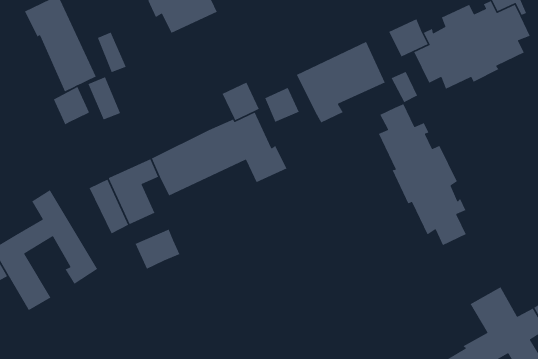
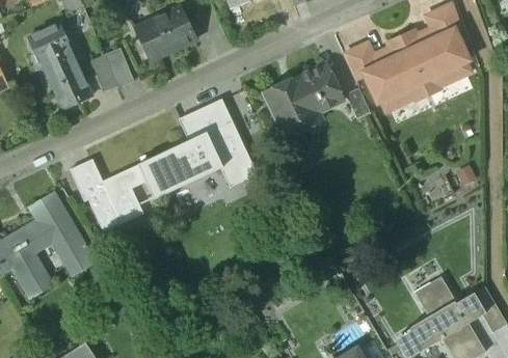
building: [88,76,121,121] -> [104,48,133,86]
building: [53,86,90,125] -> [70,159,102,193]
building: [264,87,300,123] -> [179,109,210,140]
building: [378,103,467,246] -> none
building: [134,229,180,270] -> none

